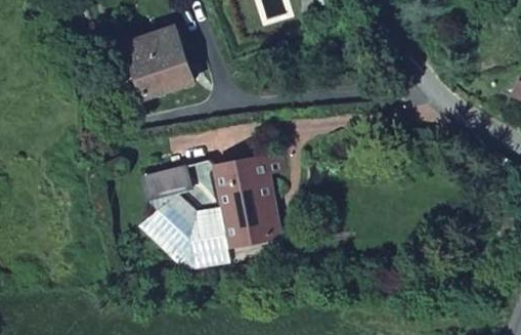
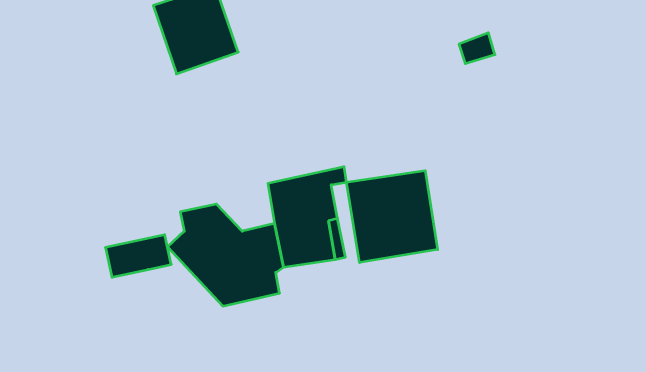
building: [143,164,196,198] -> [105,235,171,277]
building: none -> [347,171,438,263]

